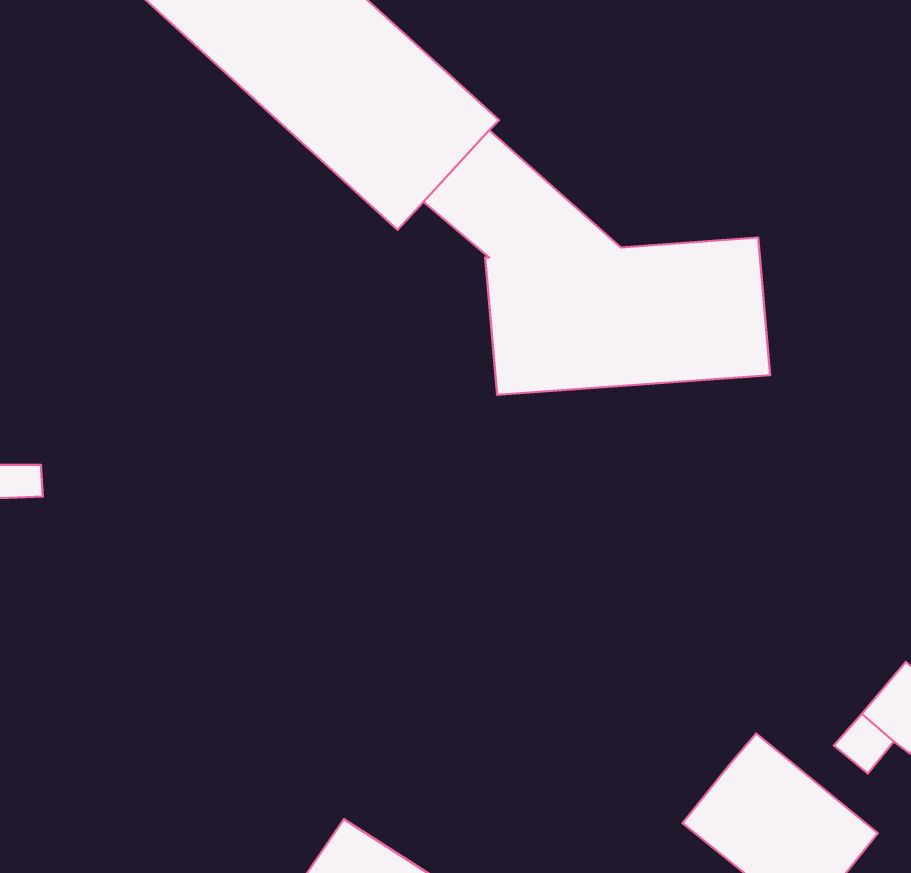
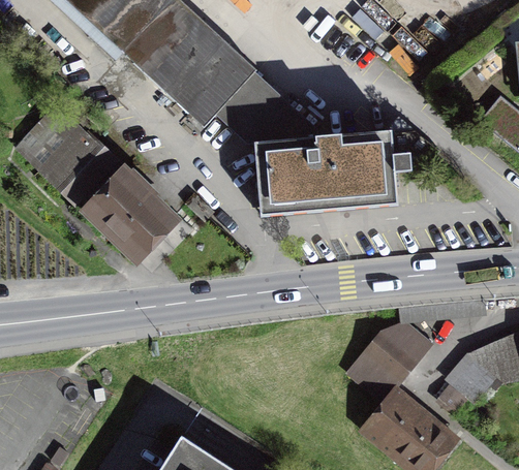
building: none -> [13,103,179,264]
building: none -> [346,325,430,405]

